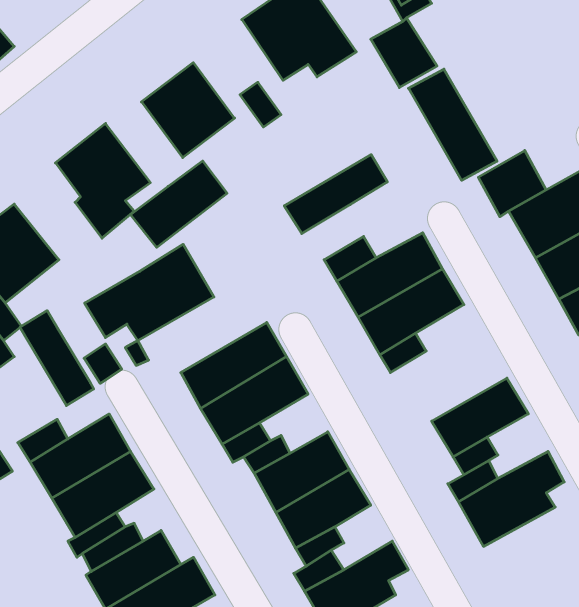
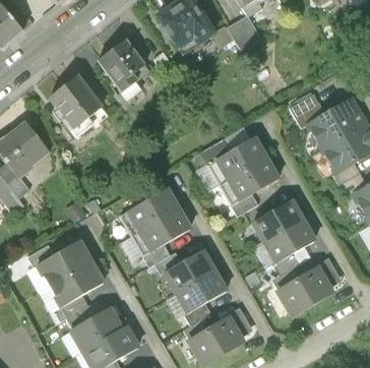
building: [408,69,497,180] -> none
building: [284,155,387,234] -> none
building: [131,161,227,247] -> none
building: [85,244,214,340] -> none
building: [20,311,94,406] -> none
building: none -> [250,197,305,243]

